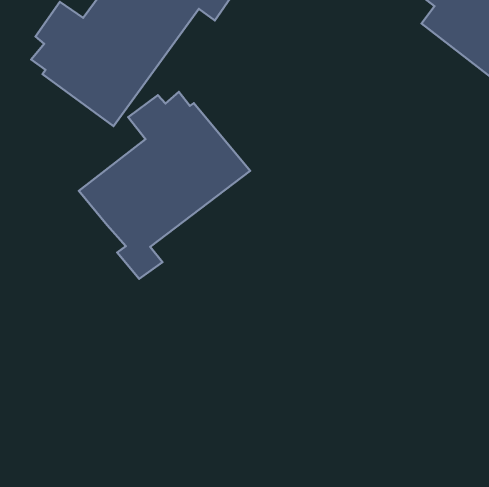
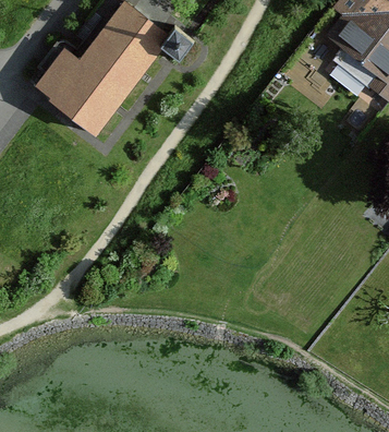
building: [79,92,250,279] -> none

